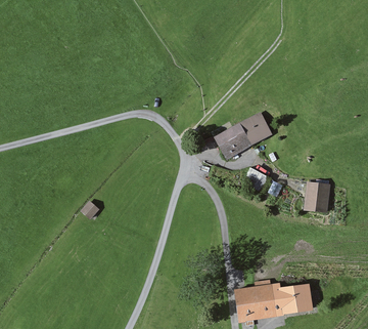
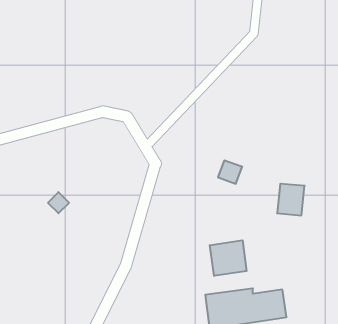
building: [214,111,272,159] -> none
building: none -> [210,240,247,276]

